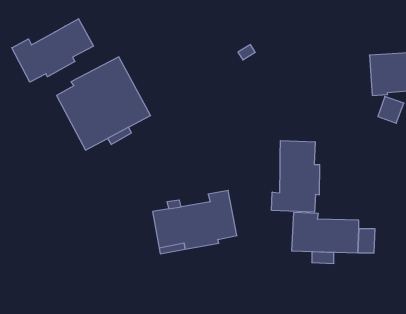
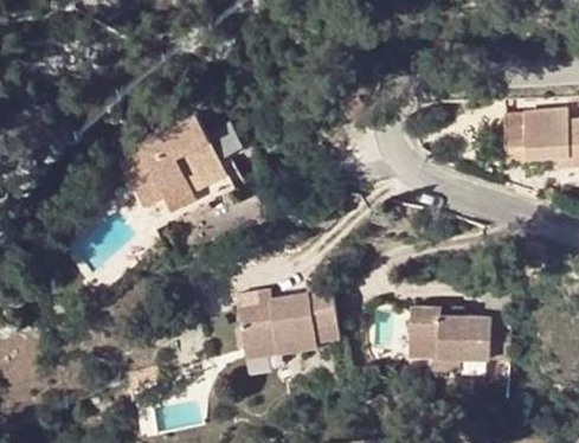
building: [12,19,93,82] -> none
building: [272,141,320,212] -> none

